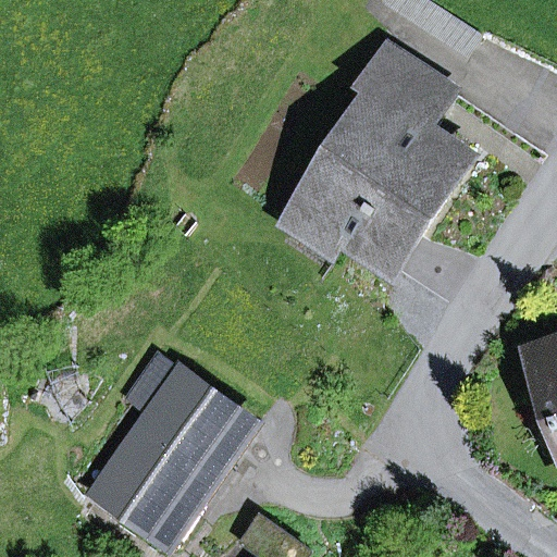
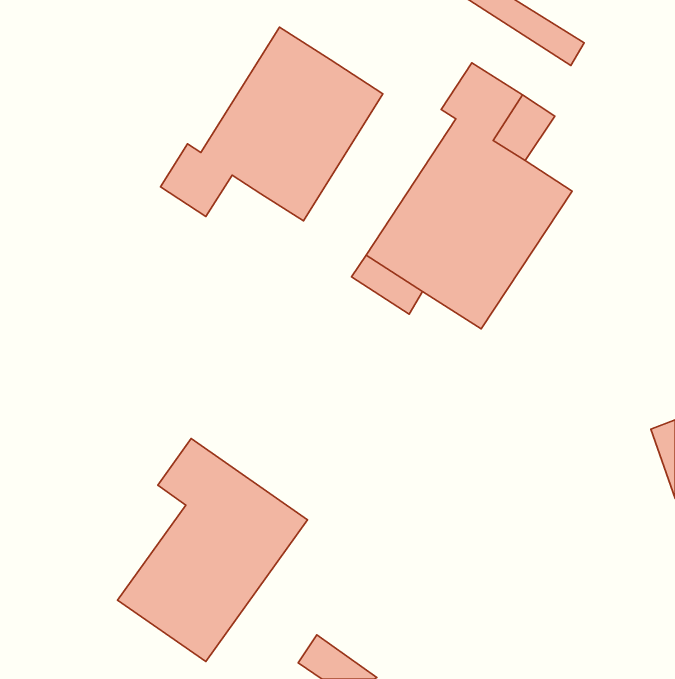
building: none -> [161,27,383,221]

